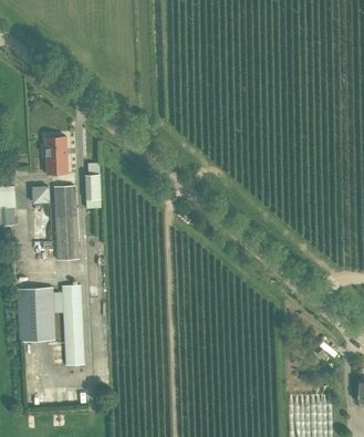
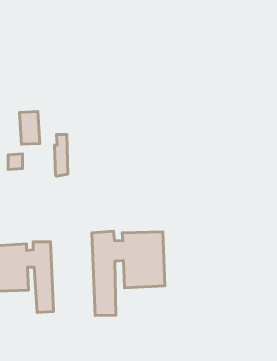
building: [53,186,79,260] -> none
building: none -> [92,231,165,316]

